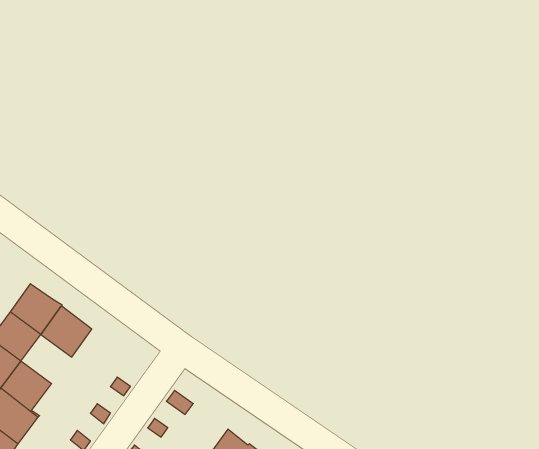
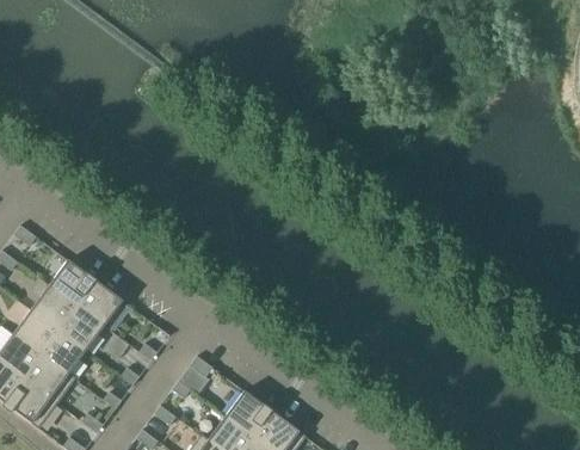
building: none -> [60,306,105,350]

